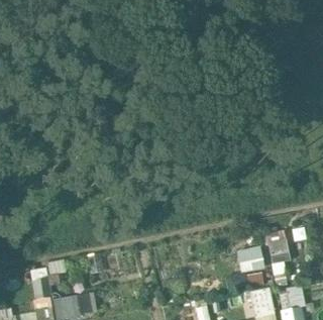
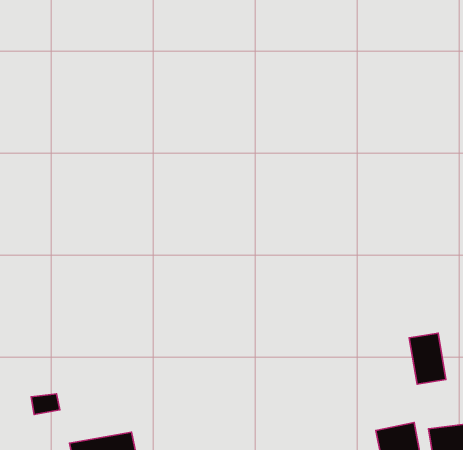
building: [236,245,264,273] -> none

